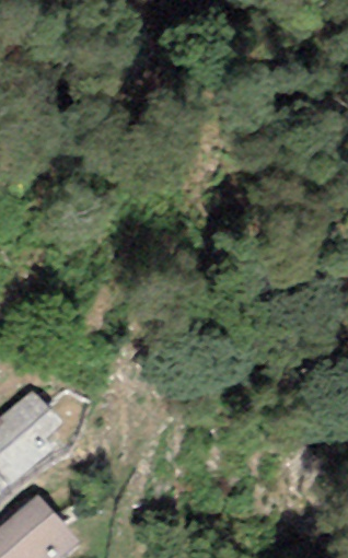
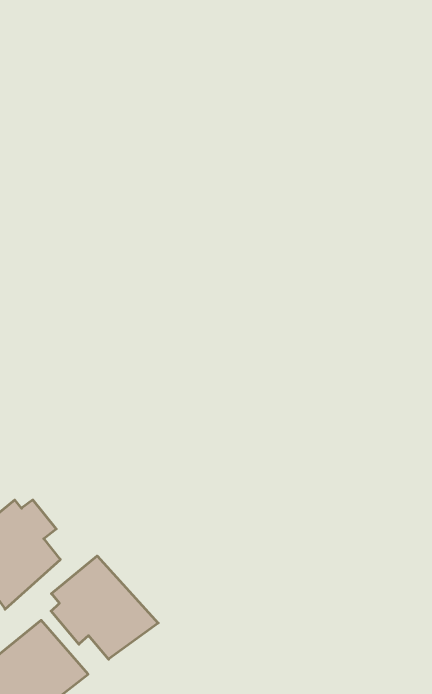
building: none -> [51,556,158,659]

